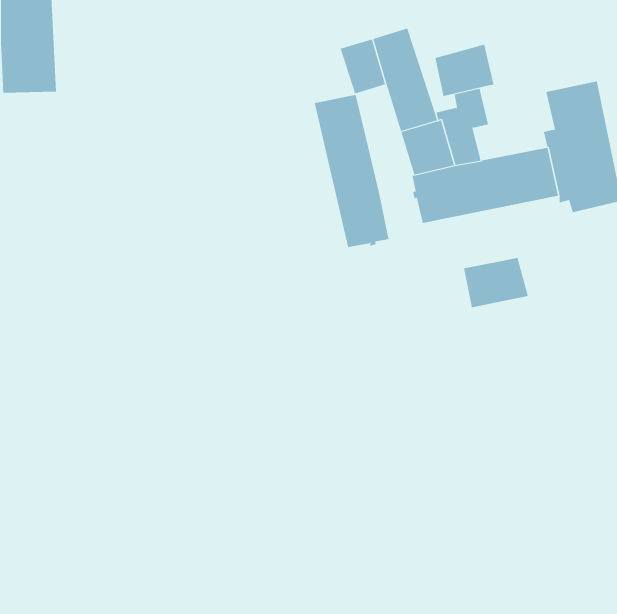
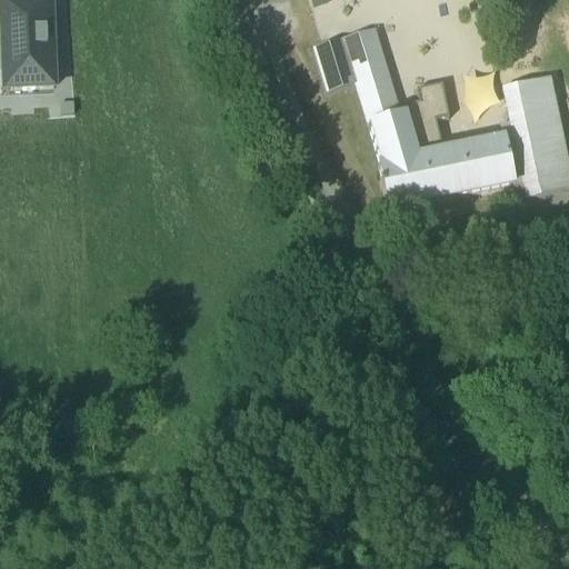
building: [435,44,494,97] -> none
building: [314,94,390,248] -> none
building: [463,257,529,308] -> none

